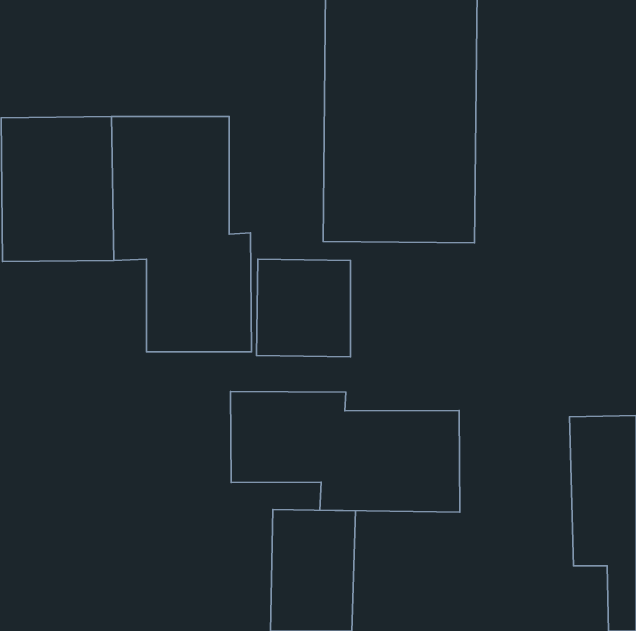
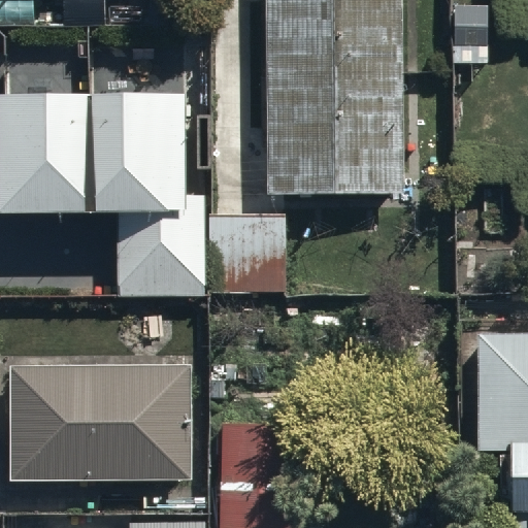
building: [230,391,460,512] -> none
building: none -> [12,360,189,475]

